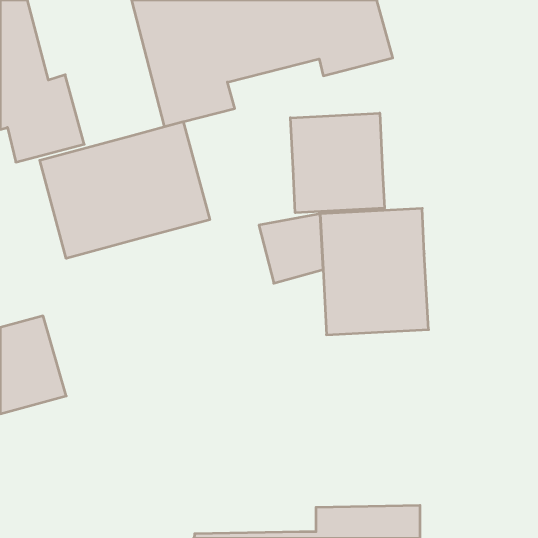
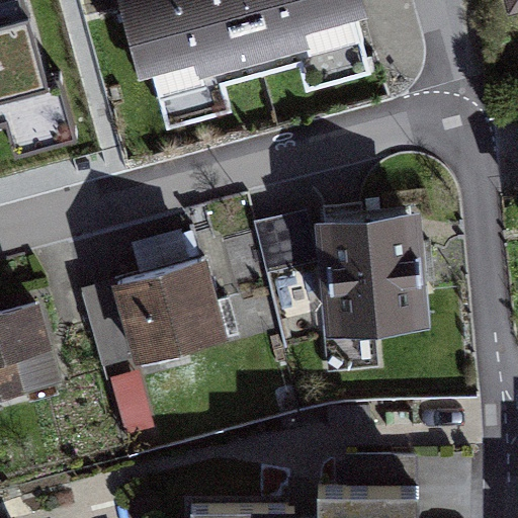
building: [290,113,385,213] -> none
building: [40,122,210,258] -> none
building: none -> [103,248,215,355]

